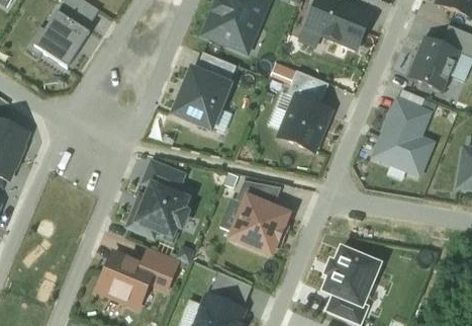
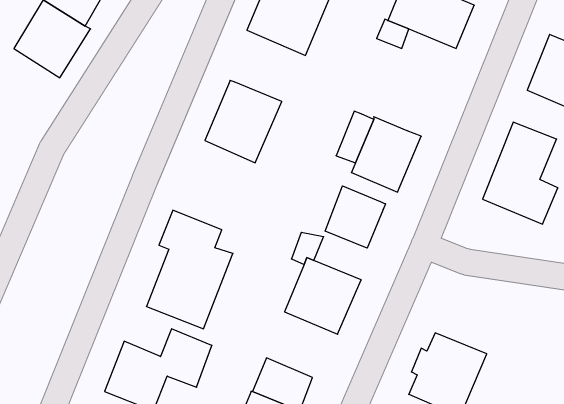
building: [195,50,237,83] -> none
building: [287,68,329,104] -> none
building: none -> [325,186,385,248]

